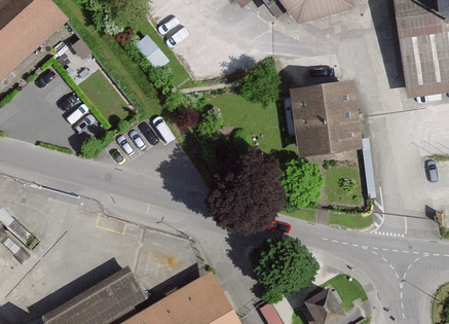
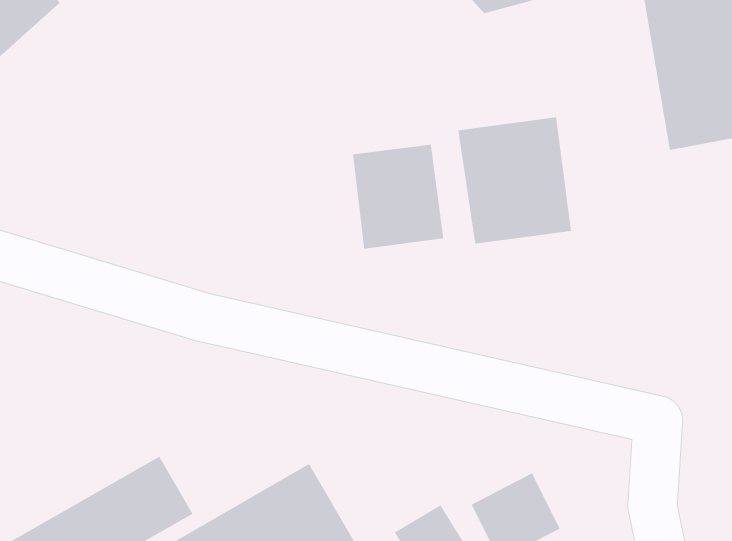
building: none -> [352,144,444,250]

